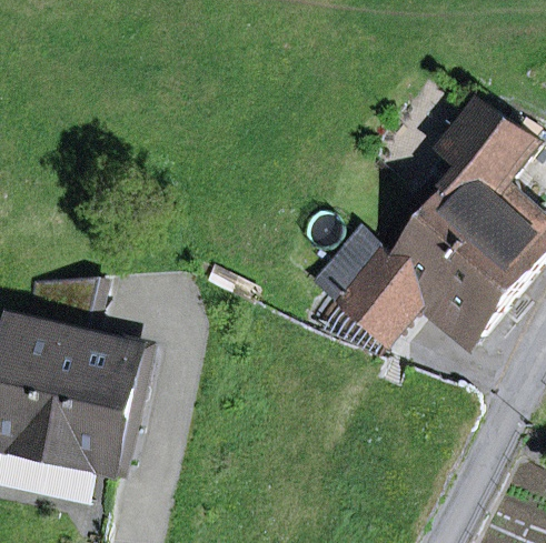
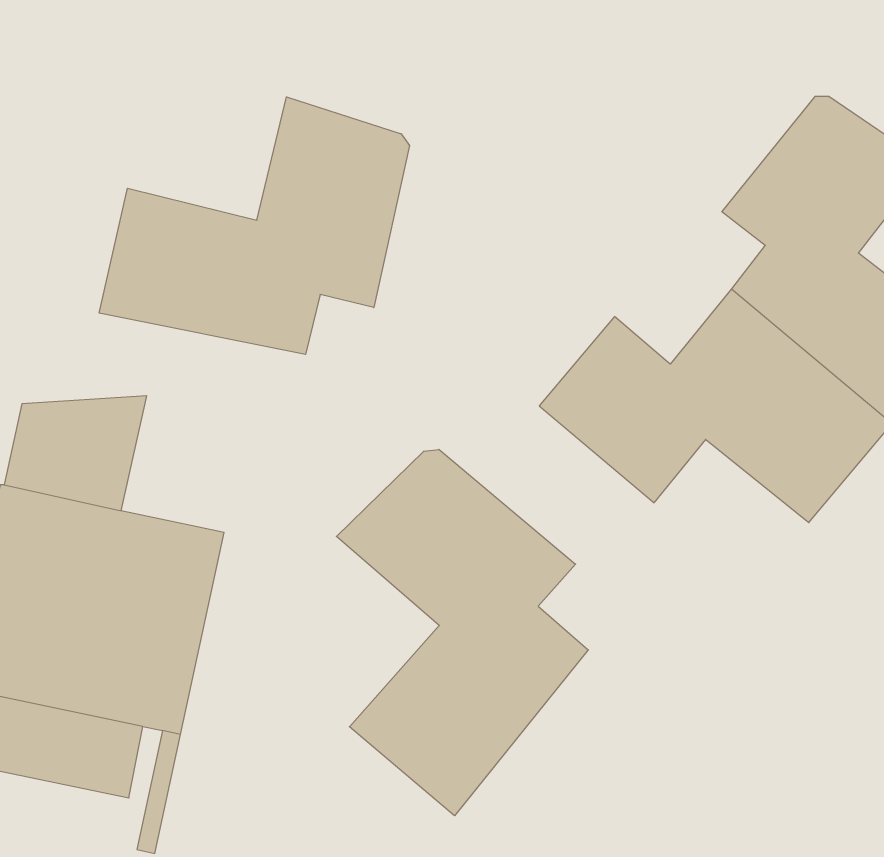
building: none -> [99,97,409,354]
building: none -> [336,449,588,816]

